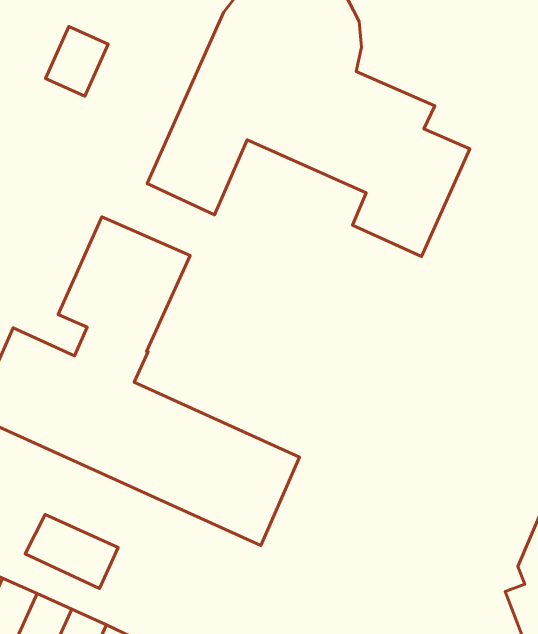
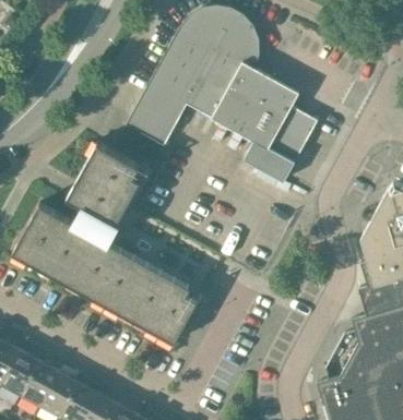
building: [46,27,108,96] -> none
building: [25,515,118,589] -> none

